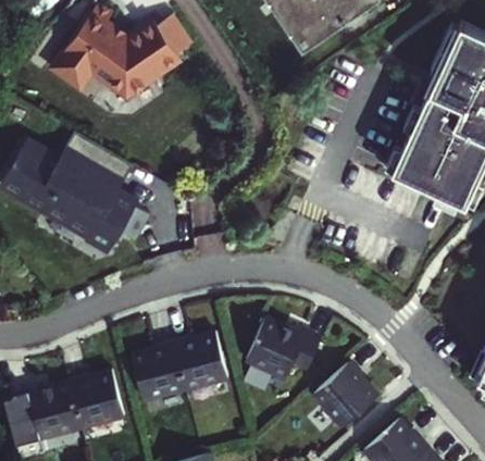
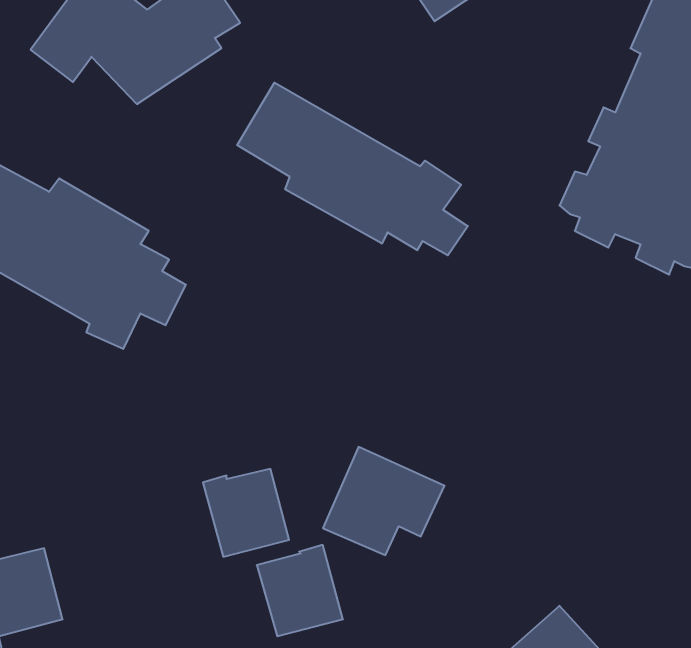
building: none -> [237,83,468,255]
building: [124,340,179,399] -> [257,545,343,636]
building: [312,364,383,434] -> none
building: [63,372,119,428] -> none

